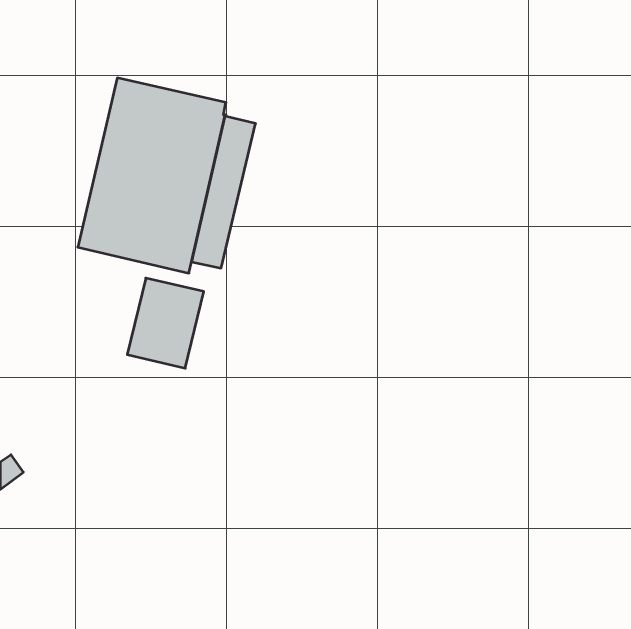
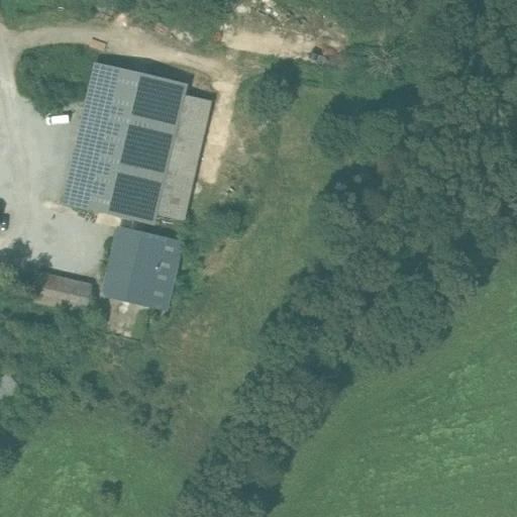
building: none -> [151,238,183,305]
building: none -> [32,273,92,310]

